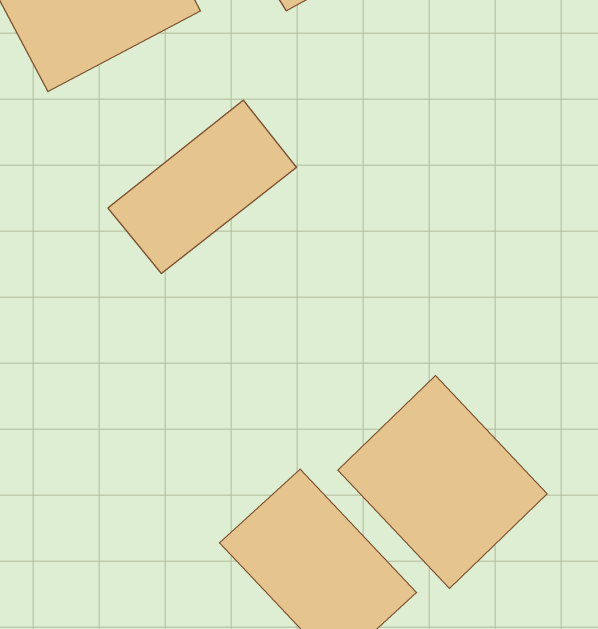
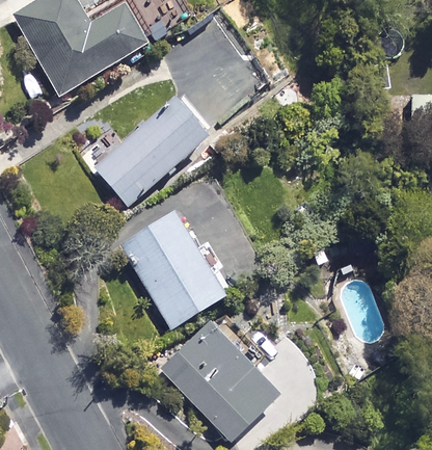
building: none -> [122,211,225,327]
building: [338,376,547,588] -> none

